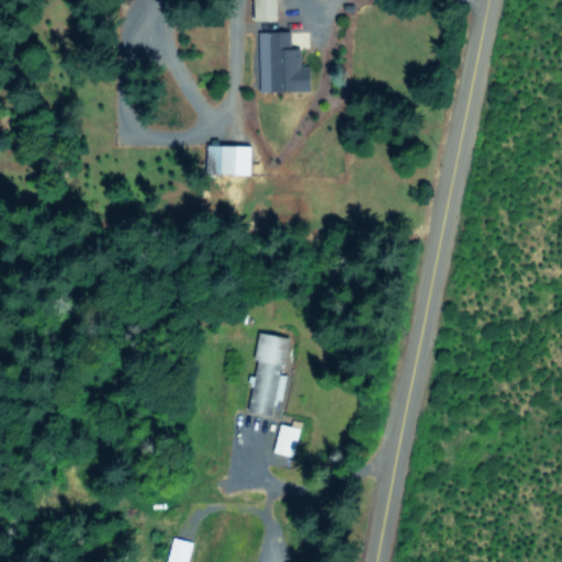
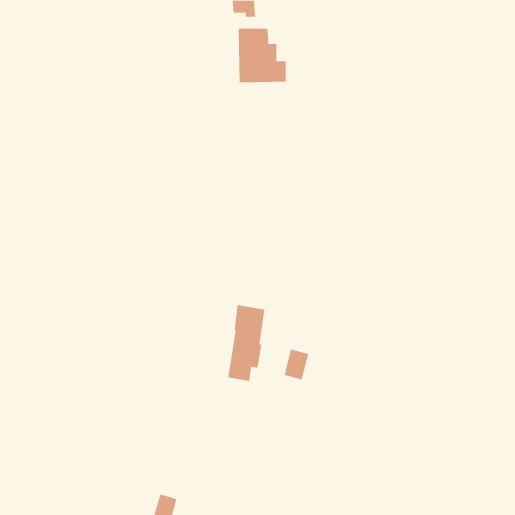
building: [210,145,254,173] -> none
building: [273,424,301,458] -> [284,349,309,380]

